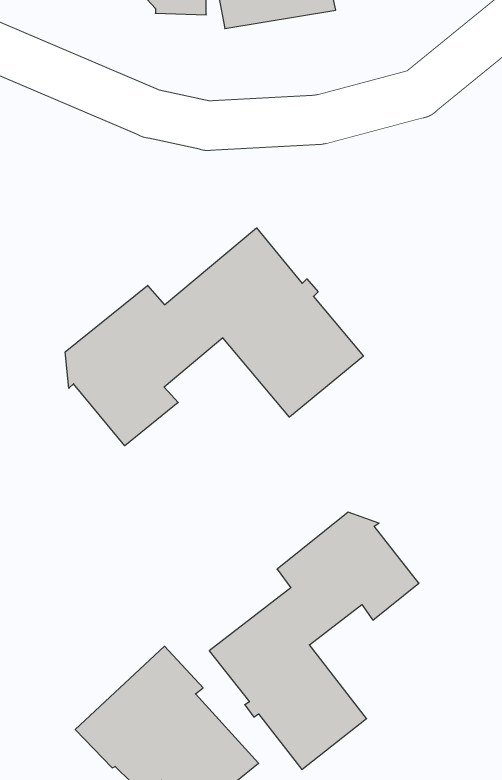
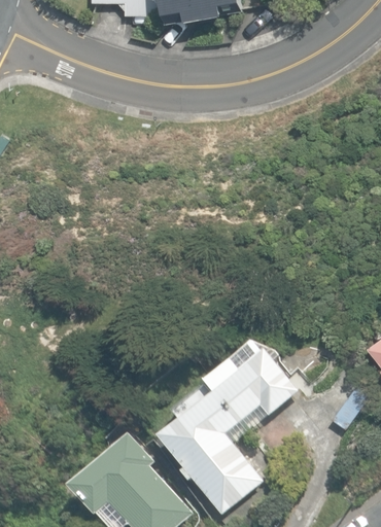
building: [65,228,363,446] -> none

